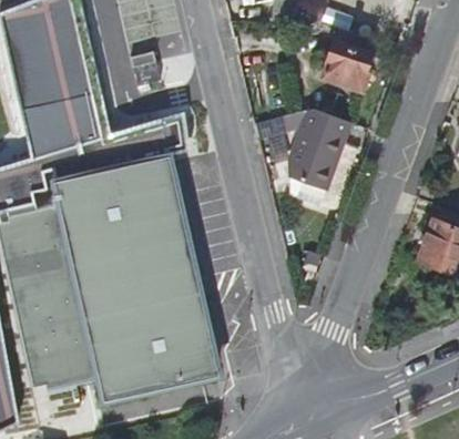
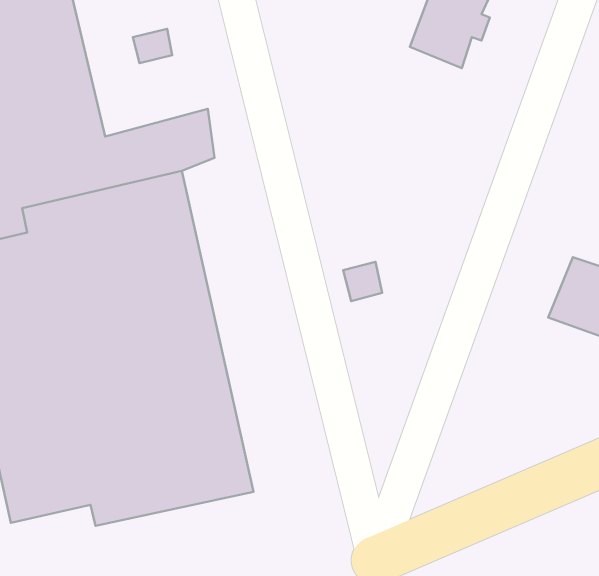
building: [282,109,349,206] -> none

